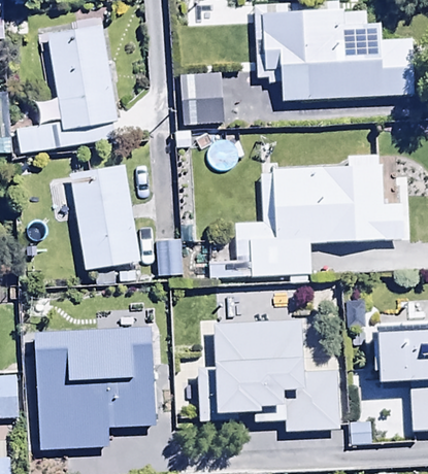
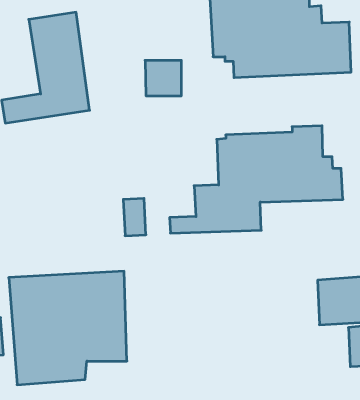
building: [71,165,141,269] -> none
building: [176,317,340,431] -> none

